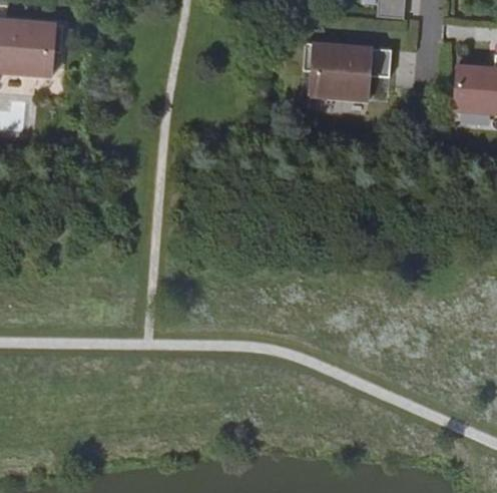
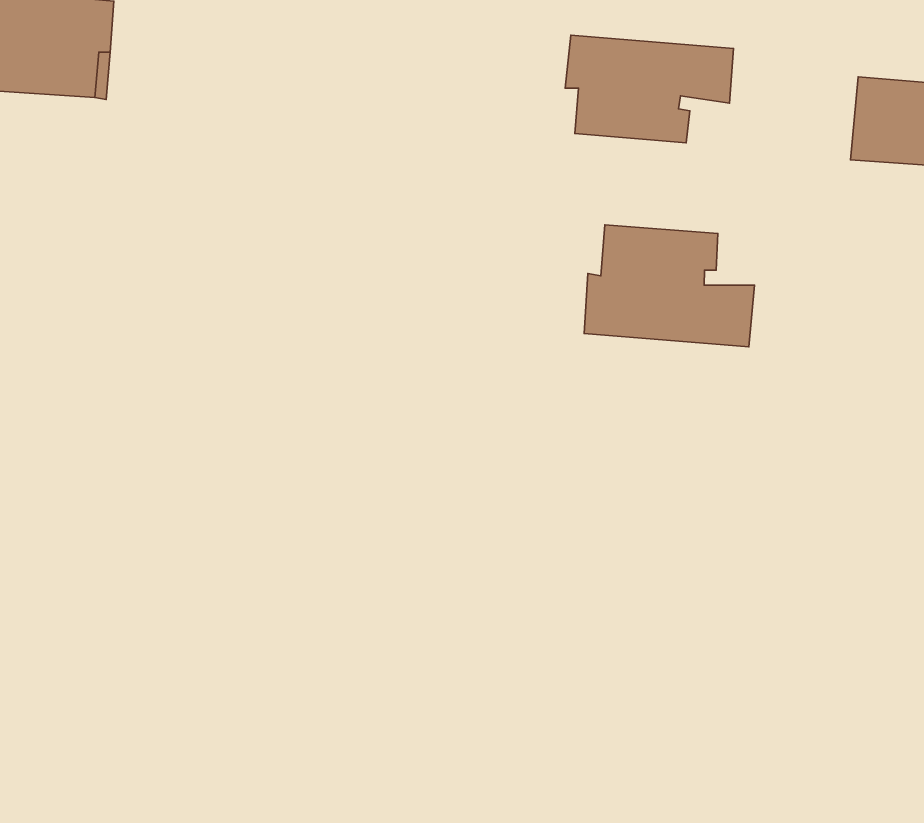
building: none -> [584,225,754,347]

